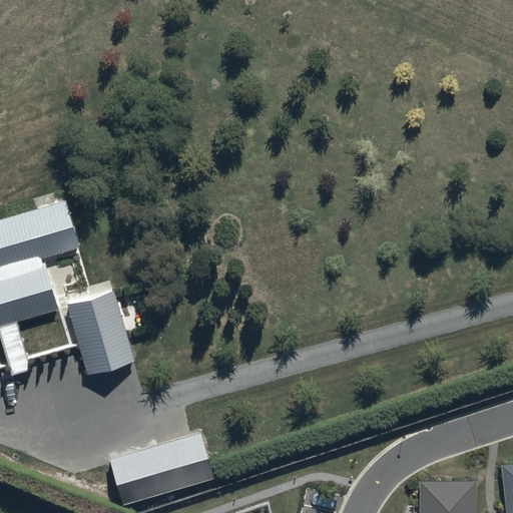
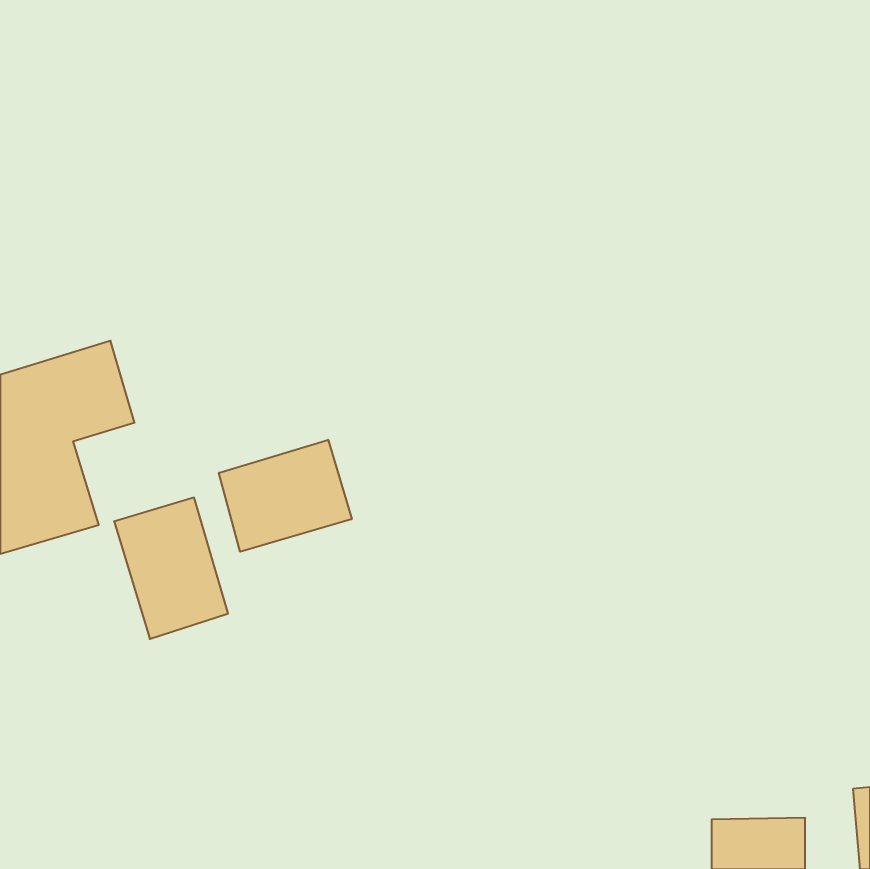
building: none -> [219,440,352,552]
building: [108,433,215,506] -> none

